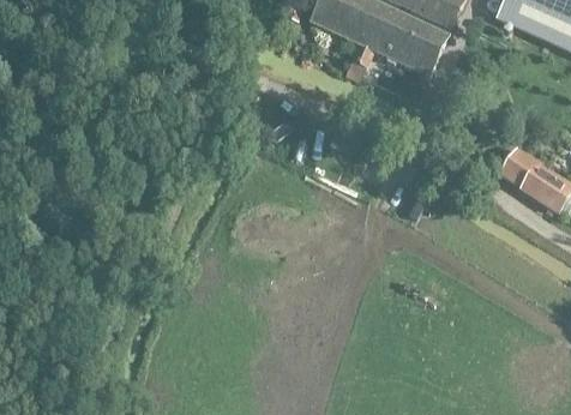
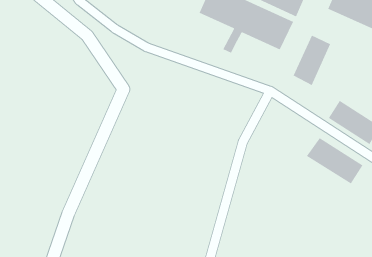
building: none -> [292,35,331,86]
building: none -> [306,137,363,185]

